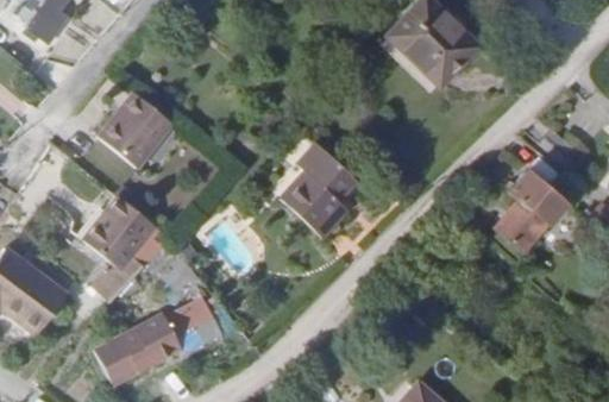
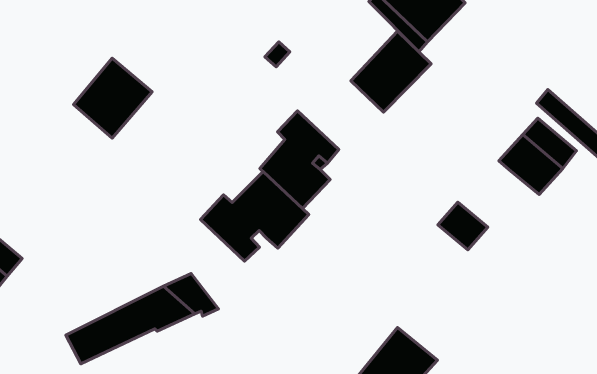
building: none -> [351,31,431,112]
building: [80,196,156,307] -> none
building: [498,201,546,246] -> [438,202,488,250]
building: none -> [201,172,309,261]

